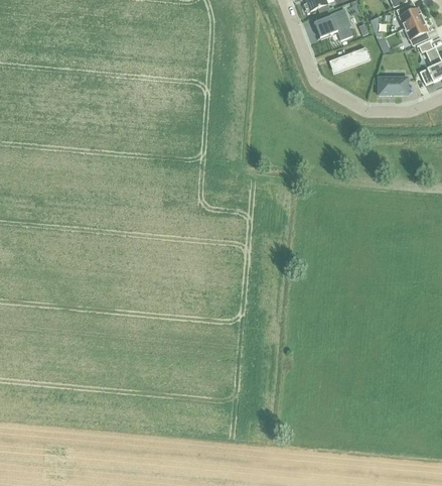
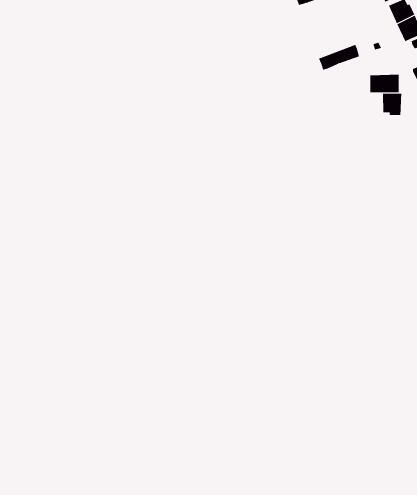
building: [314,8,352,39] -> none
building: none -> [383,93,402,116]

